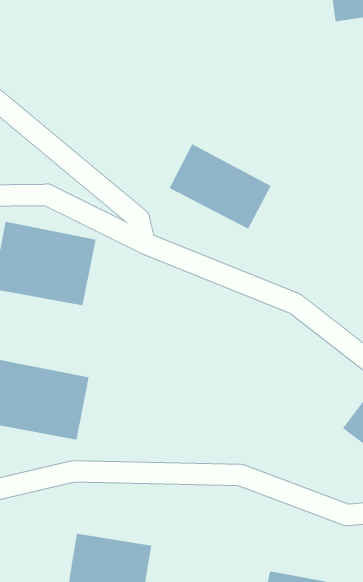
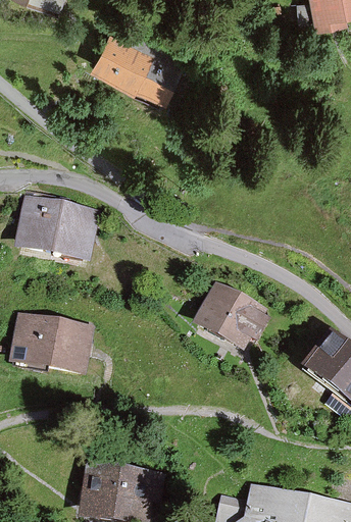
building: [169,144,272,229] -> [92,31,179,103]
building: none -> [198,279,268,345]

